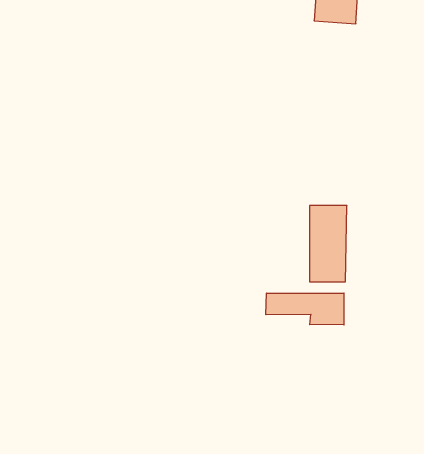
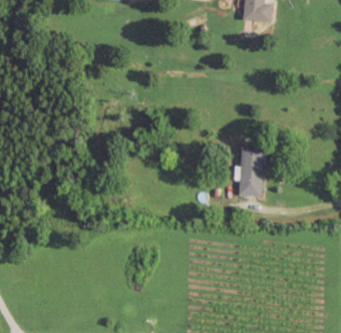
building: [266,293,344,325] -> none

